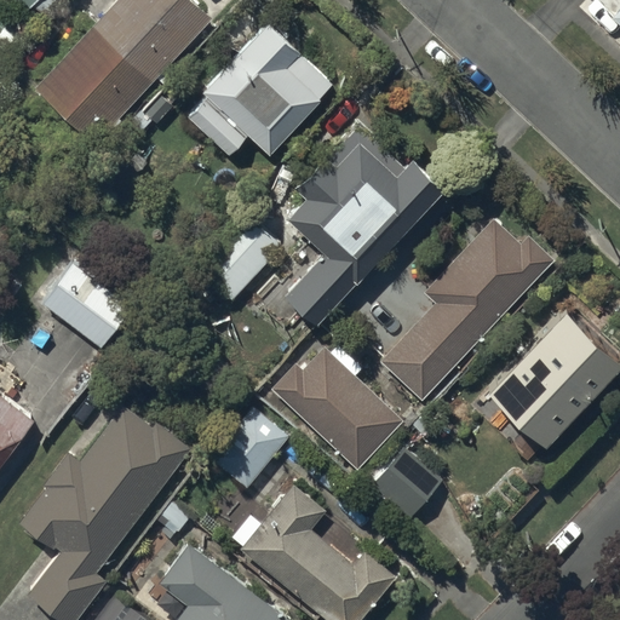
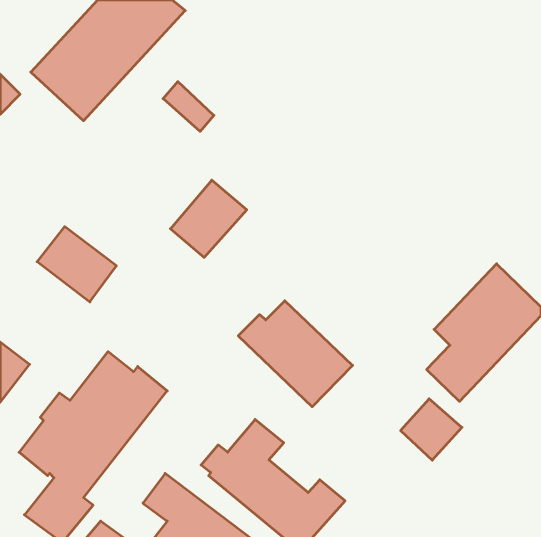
building: [202,22,332,154] -> none
building: [286,125,447,326] -> none
building: [380,218,556,402] -> none
building: [211,407,288,488] -> none
building: [373,448,443,518] -> [401,399,462,460]

